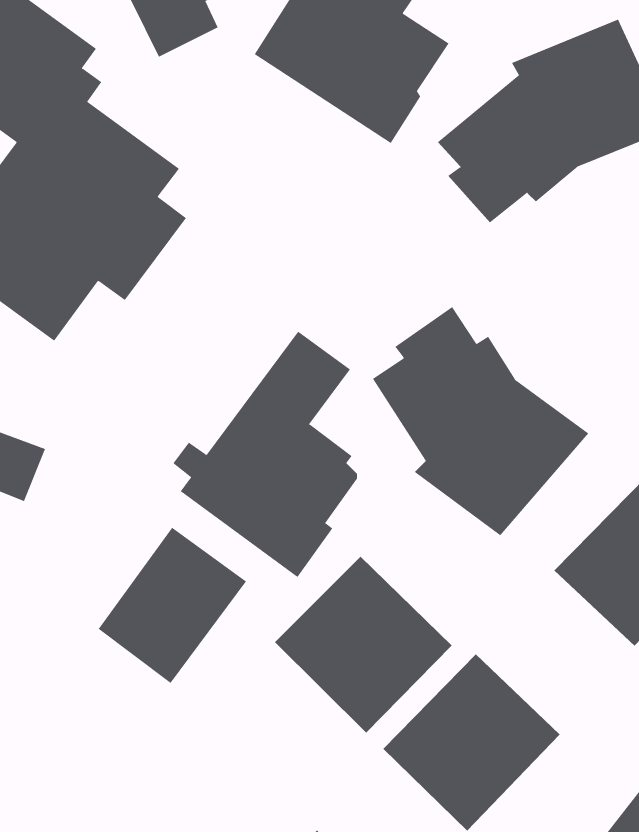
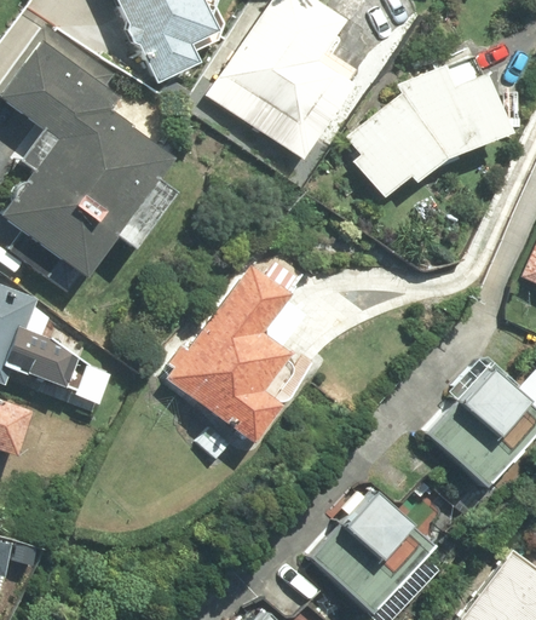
building: [372,306,589,536] -> none
building: [98,527,247,684] -> none
building: [274,556,452,734] -> none

